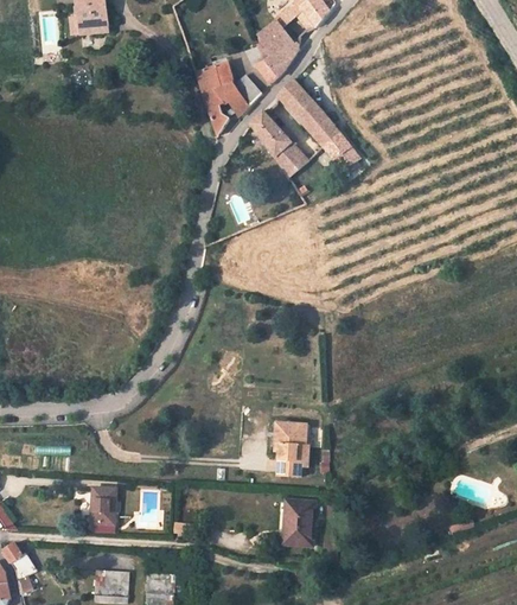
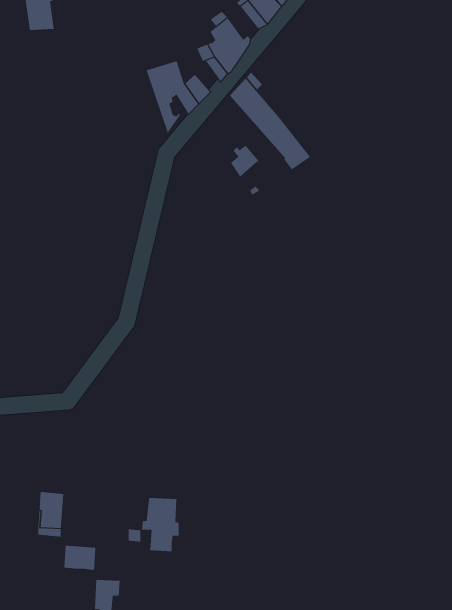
building: [250,112,294,164] -> none
building: [268,424,306,477] -> [141,498,180,552]
building: [283,501,313,544] -> none
building: [95,571,127,596] -> [64,545,96,570]

